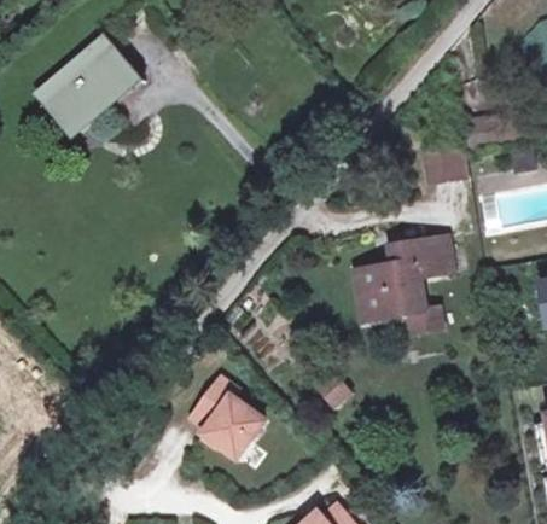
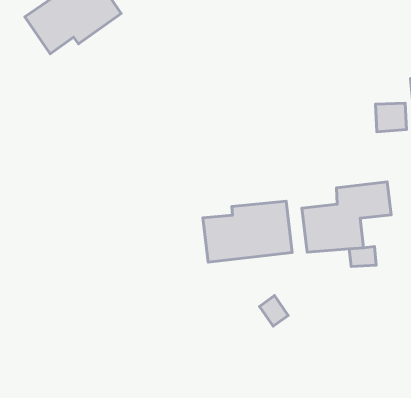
building: none -> [203,201,292,262]
building: [193,374,267,455] -> none

